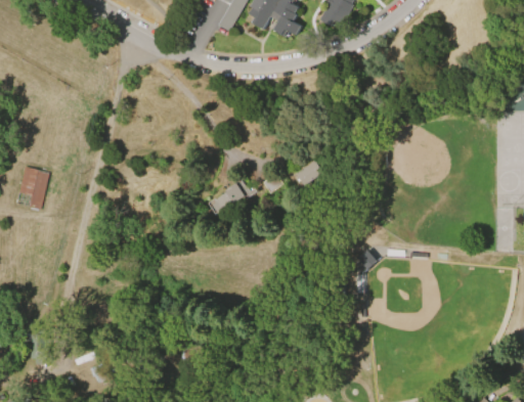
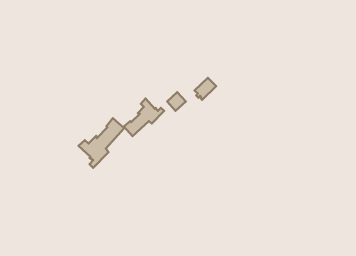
building: none -> [79,118,124,168]

